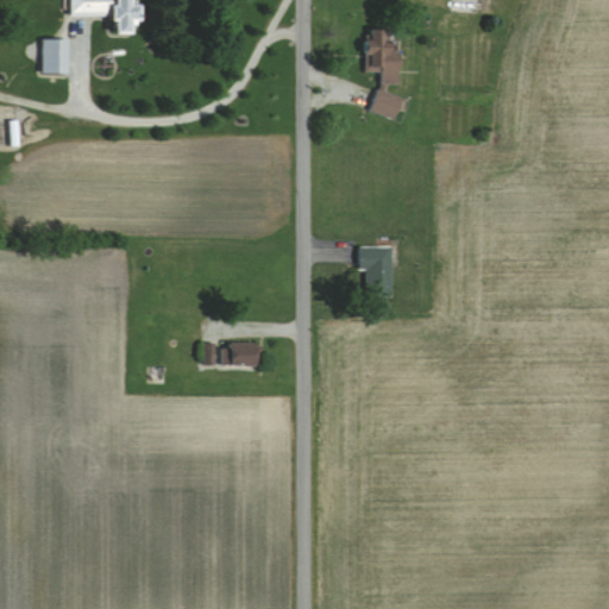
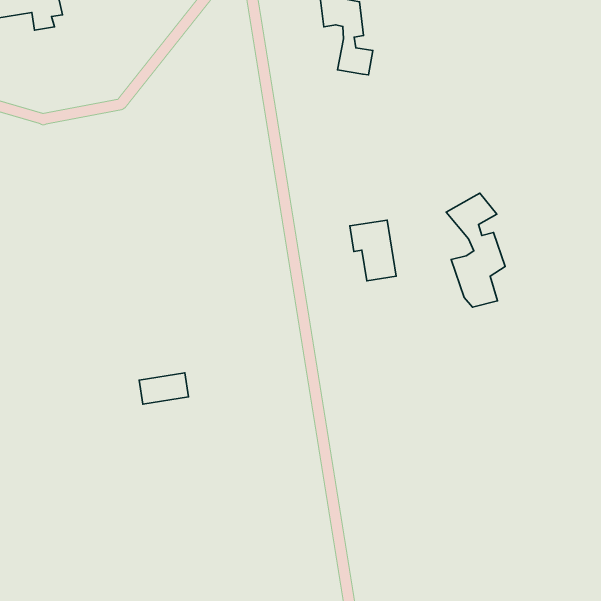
building: none -> [446,193,505,307]
building: [222,343,263,364] -> [139,373,189,404]

